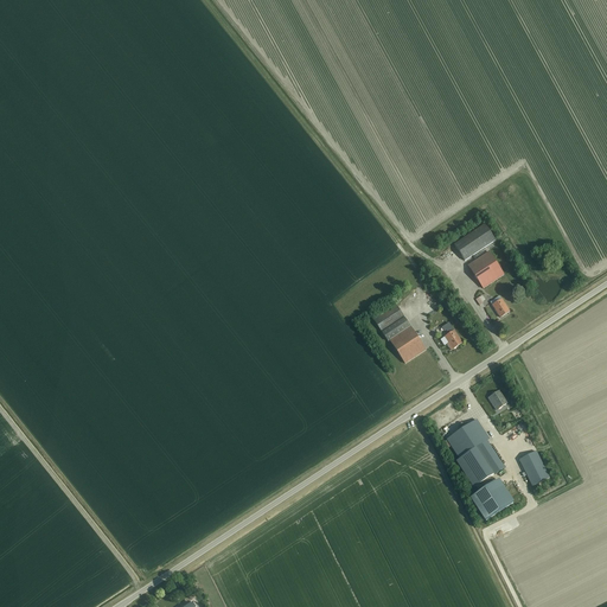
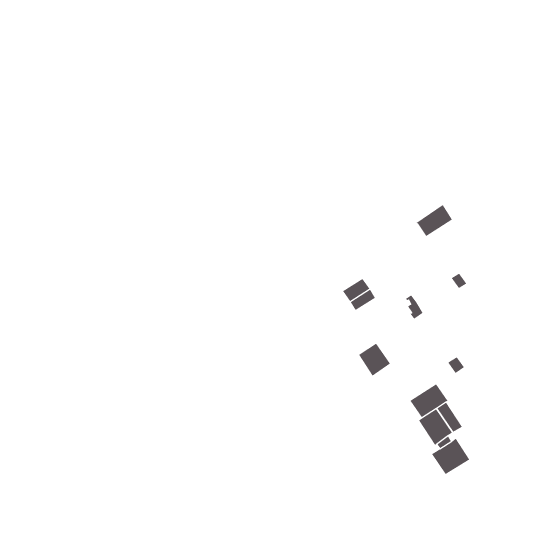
building: [468,250,504,287] -> none
building: [390,325,426,362] -> [358,343,391,377]
building: [519,449,550,484] -> none

